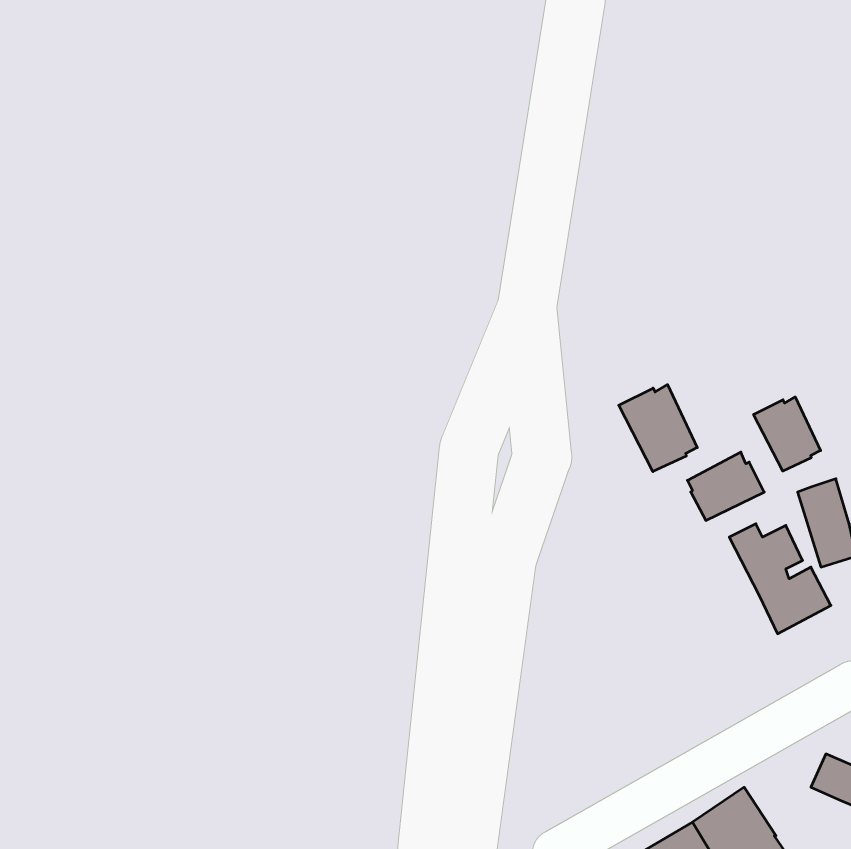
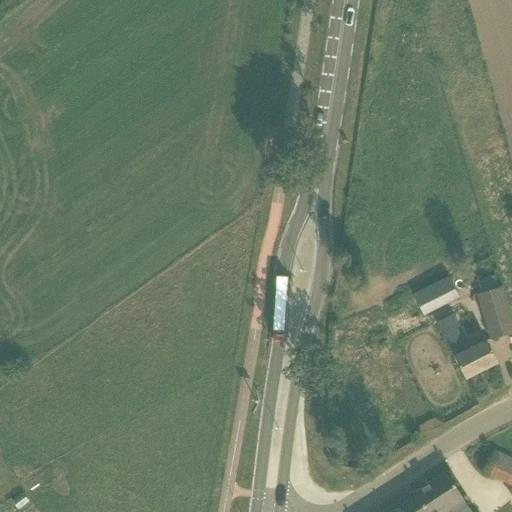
building: [619,385,697,472] -> none
building: [754,397,821,471] -> none

